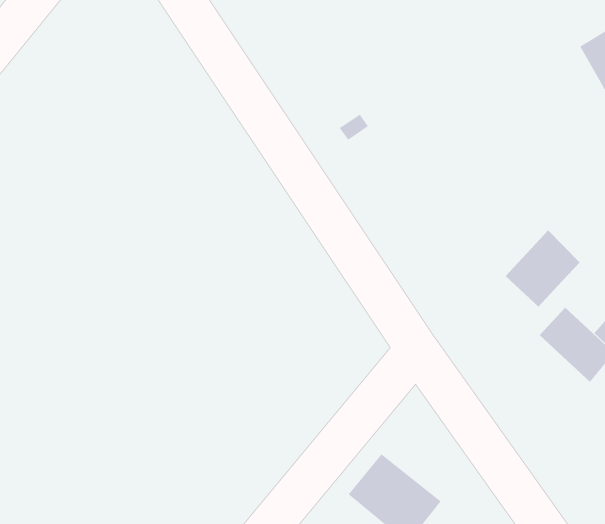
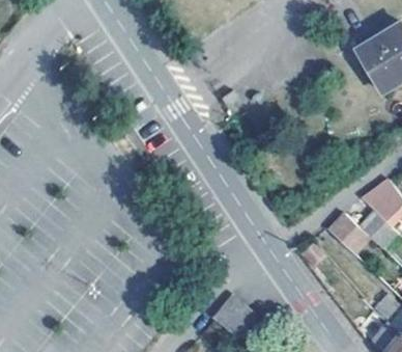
building: [505,230,580,308] -> none

